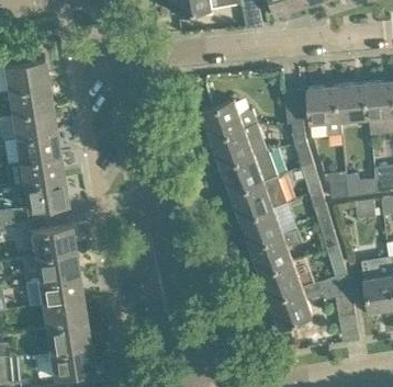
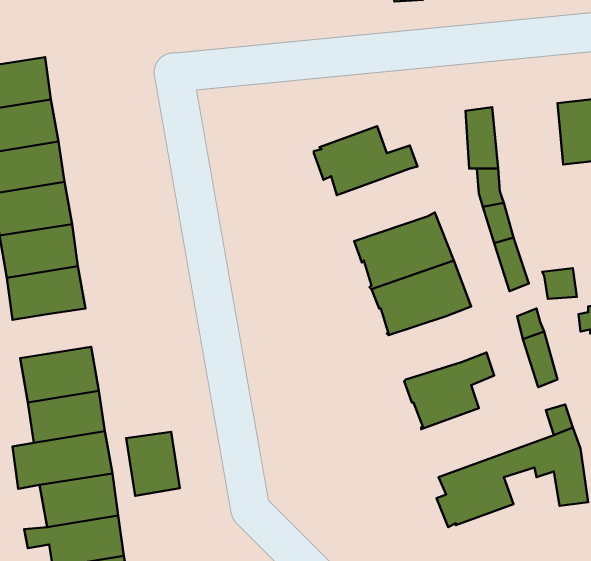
building: [308,87,343,136] -> none
building: [212,124,263,166] -> none
building: [242,208,283,244] -> none
building: [260,261,303,300] -> none
building: none -> [126,432,180,496]

